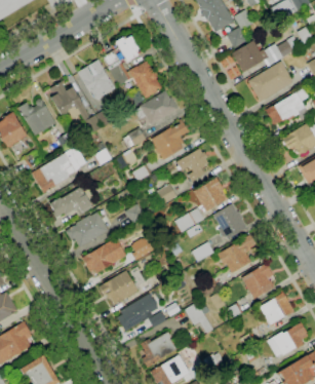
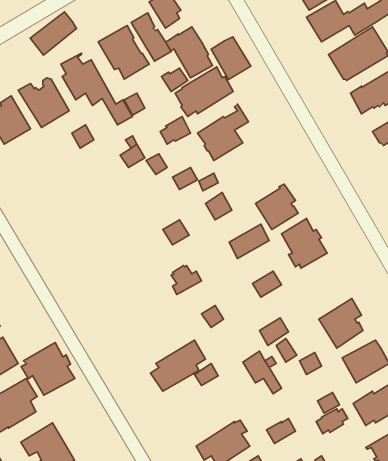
building: none -> [30,12,77,55]
building: none -> [211,37,251,80]
building: [32,146,86,193] -> none
building: [176,148,208,182] -> none
building: [49,187,91,218] -> none
building: [66,213,109,247] -> none
building: [218,234,258,273] -> none
building: [80,238,126,274] -> none
building: [99,271,139,305] -> none
building: none -> [21,343,75,395]
building: [141,332,176,368] -> none

